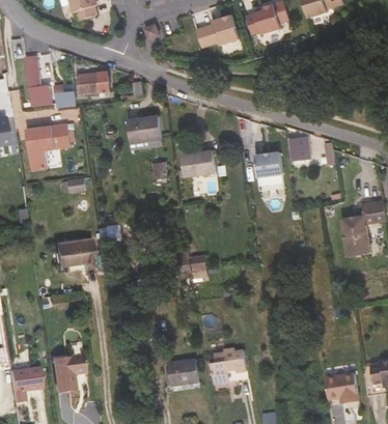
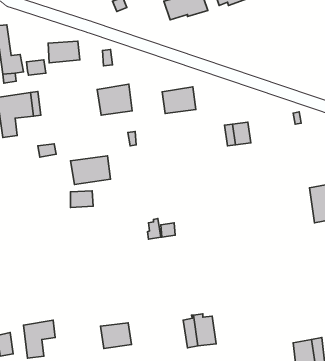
building: [289,136,310,161] -> none
building: [182,149,216,176] -> [162,87,196,114]
building: [54,233,94,262] -> [70,156,110,184]
building: [168,359,199,385] -> [101,323,131,349]

